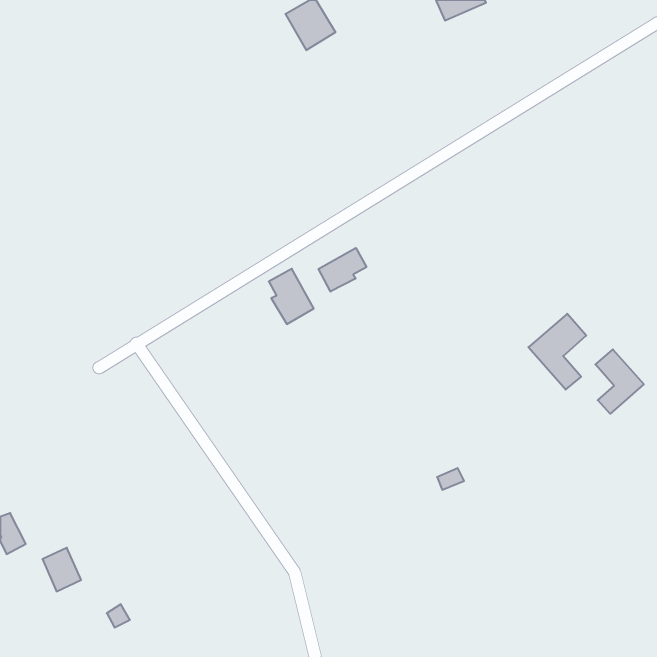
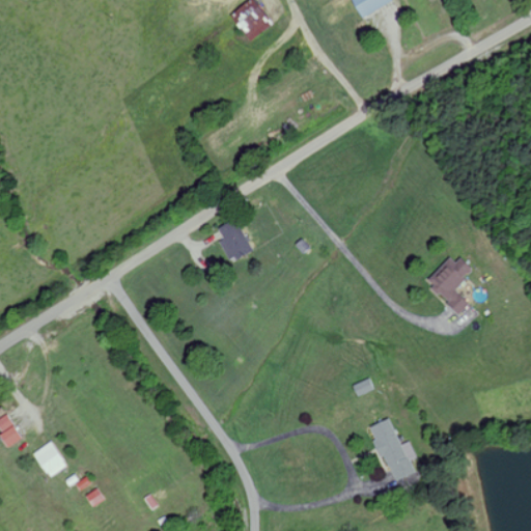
building: [318,248,366,292] -> none
building: [595,349,644,414] -> none
building: none -> [368,417,418,480]

